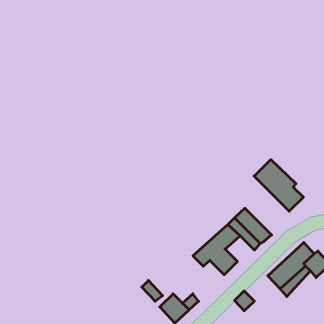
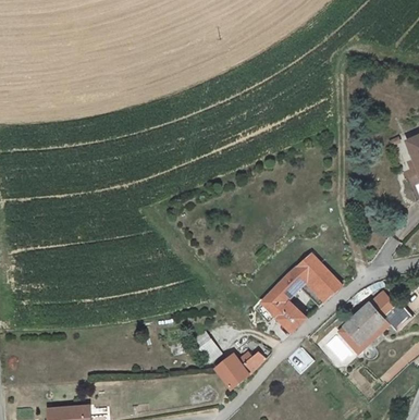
building: [254,160,303,211] -> none

